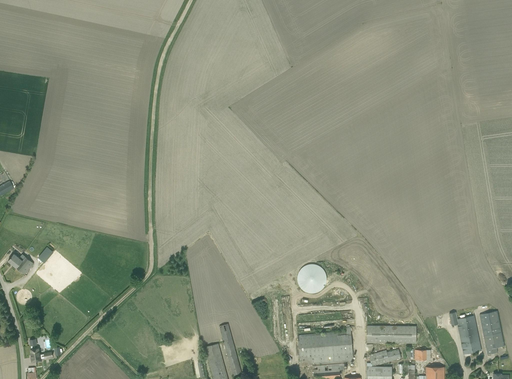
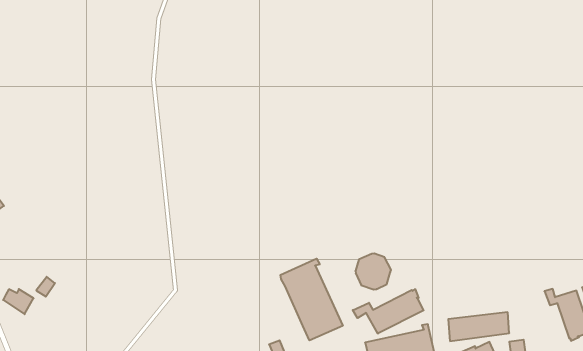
building: none -> [280,259,343,340]
building: none -> [353,289,424,334]

